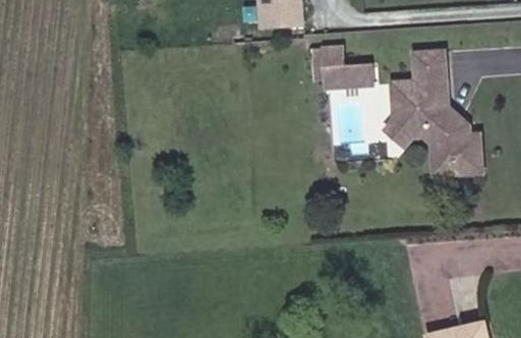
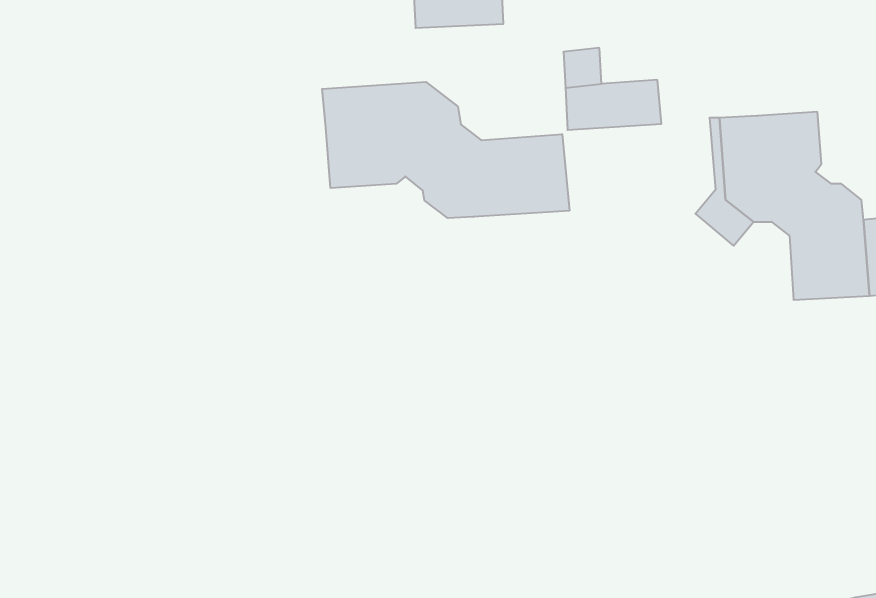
building: [420,46,453,76] -> none
building: none -> [322,82,569,218]

